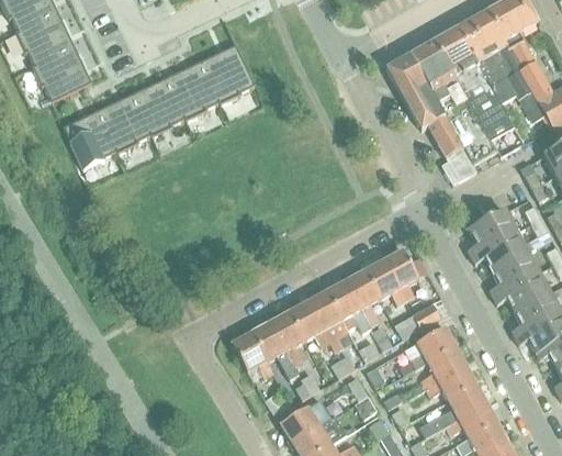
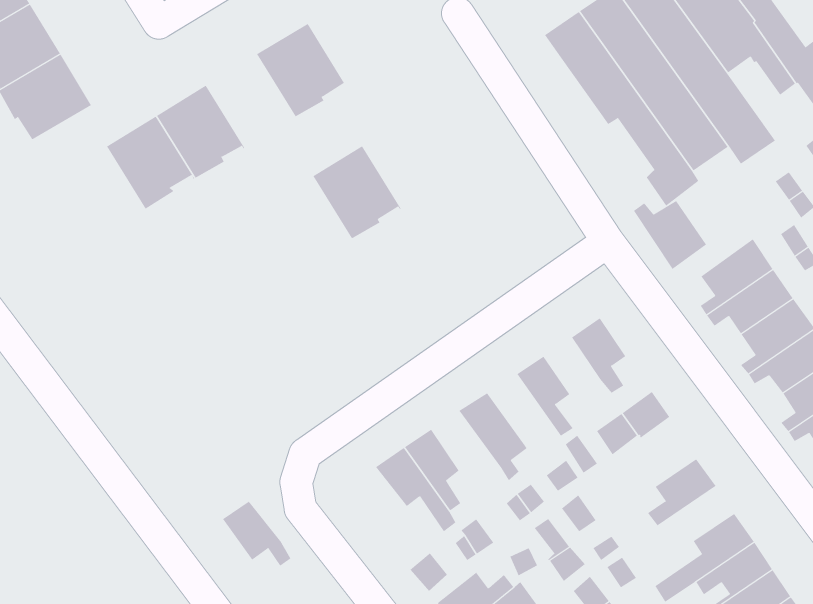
building: [167,59,222,119] -> [313,145,401,239]
building: [64,109,120,168] -> none
building: none -> [633,200,707,270]
building: [366,262,406,304] -> none
building: [327,281,372,331] -> none
building: [289,301,330,345] -> none
building: [411,327,457,369] -> none
building: [232,332,273,376] -> [222,501,291,566]
building: [427,366,477,400] -> none

